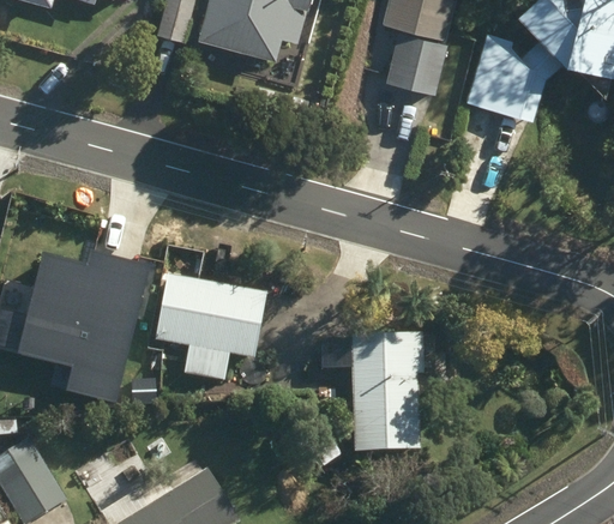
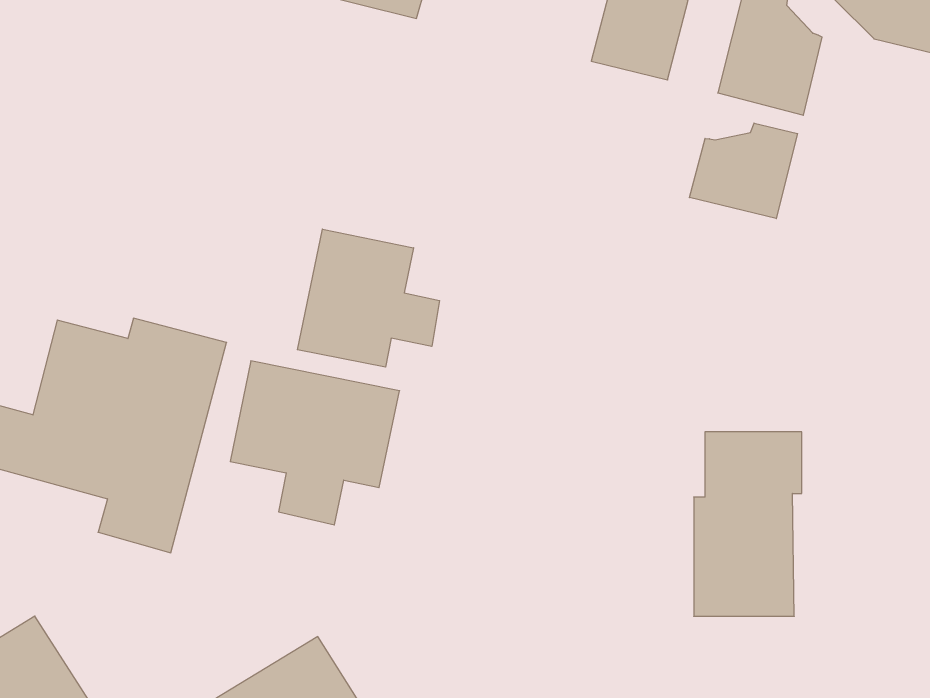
building: none -> [689,123,798,219]
building: none -> [297,229,440,367]
building: [351,336,421,454] -> [694,432,802,616]

